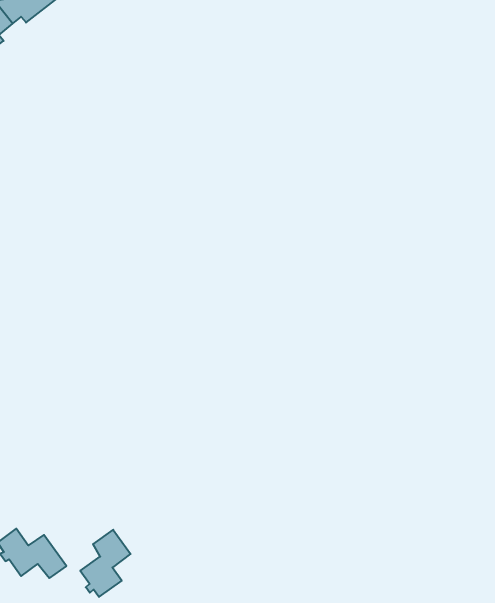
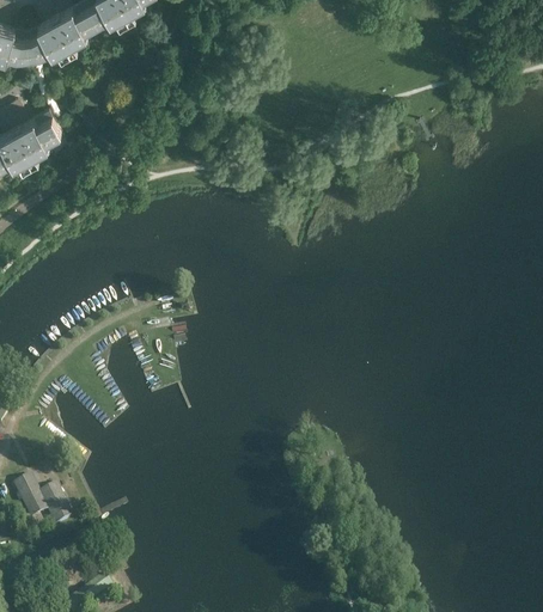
building: [80,530,131,597] -> none

